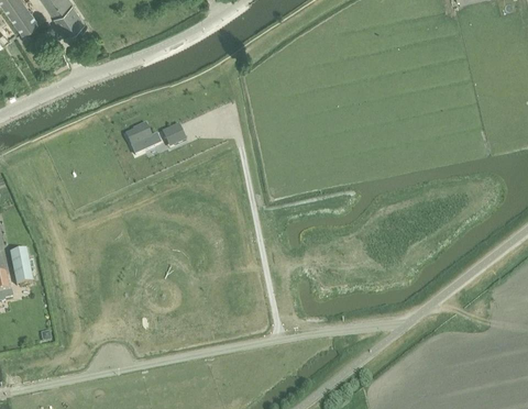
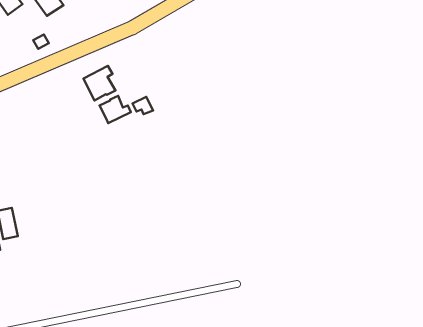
building: none -> [83,66,115,100]

